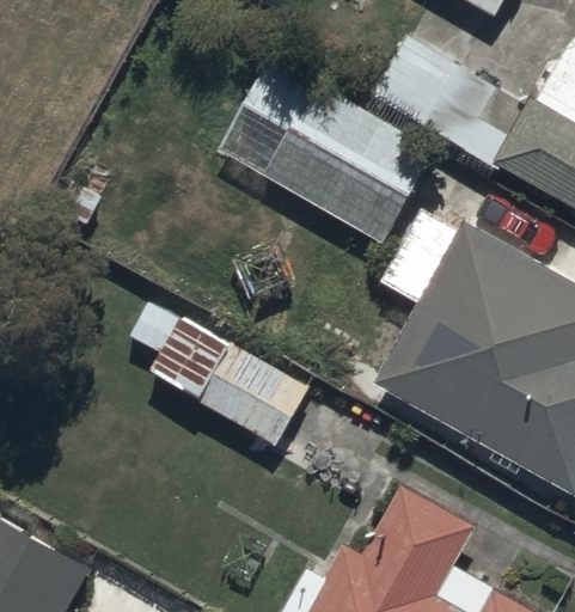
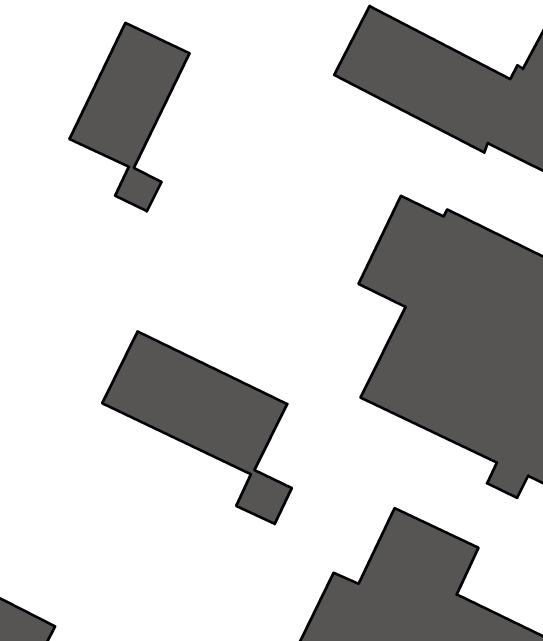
building: none -> [70,23,189,211]
building: [218,60,438,246] -> none

